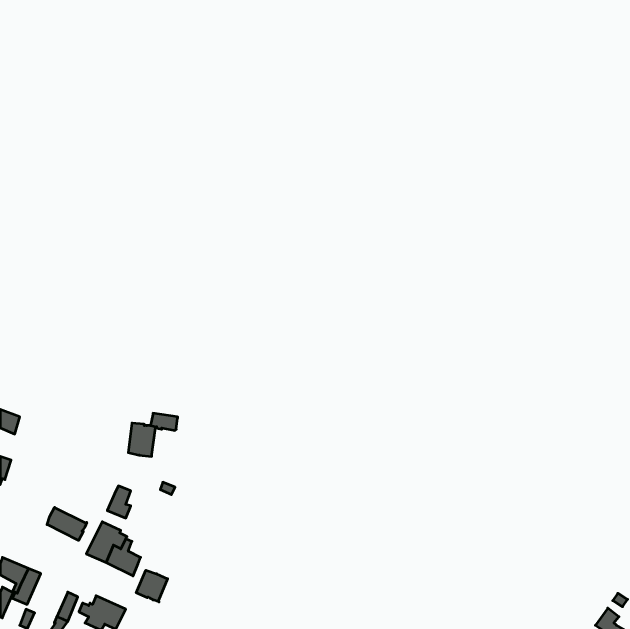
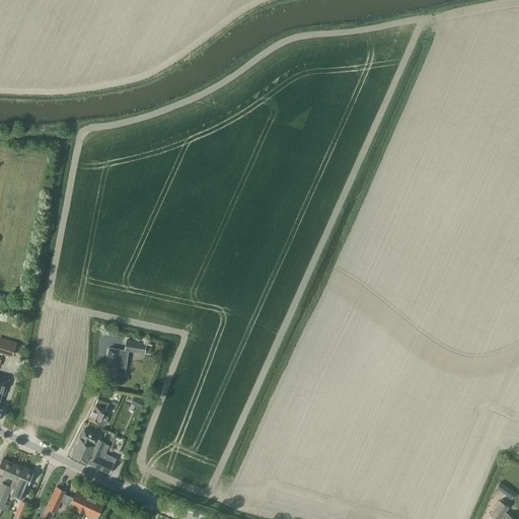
building: [47,507,87,540] -> none
building: [136,570,168,602] -> none

